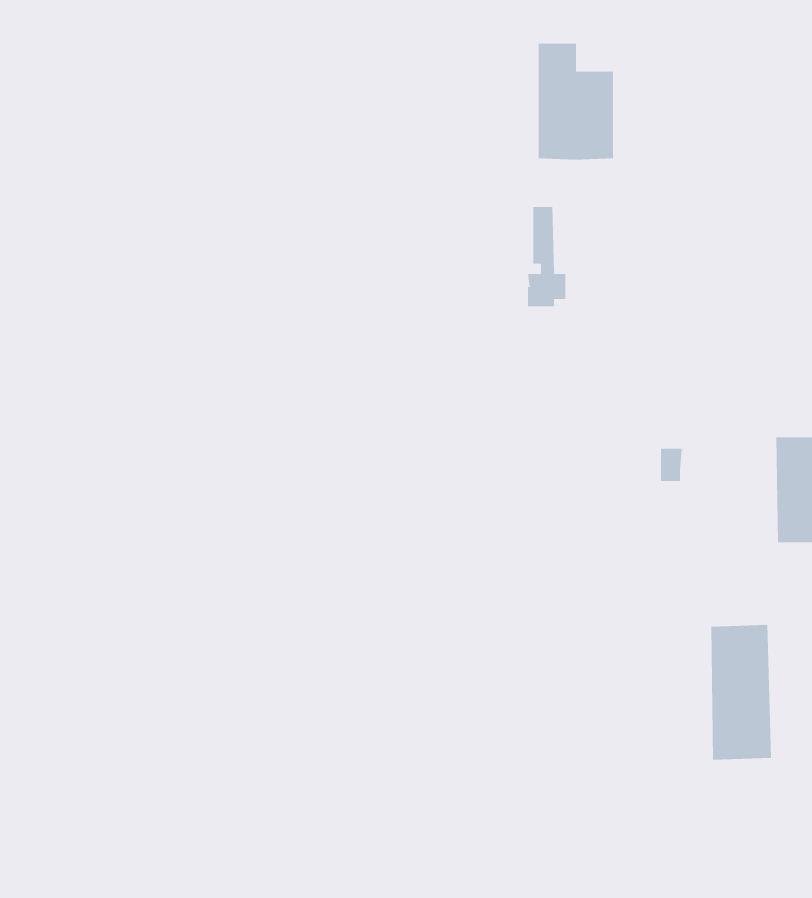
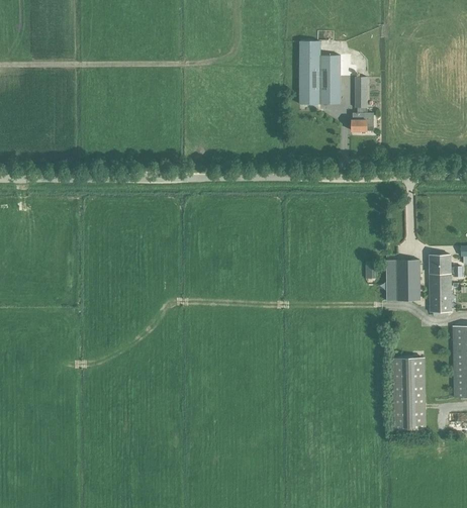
building: [527,207,566,307] -> [351,76,372,130]
building: none -> [386,261,419,305]

